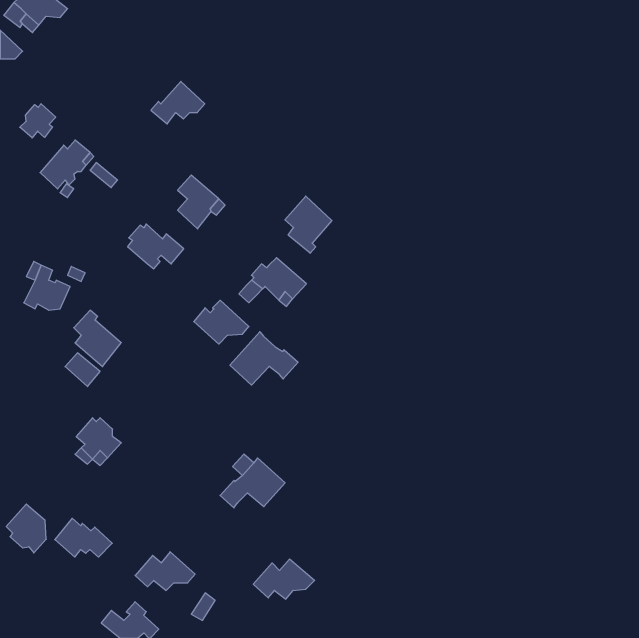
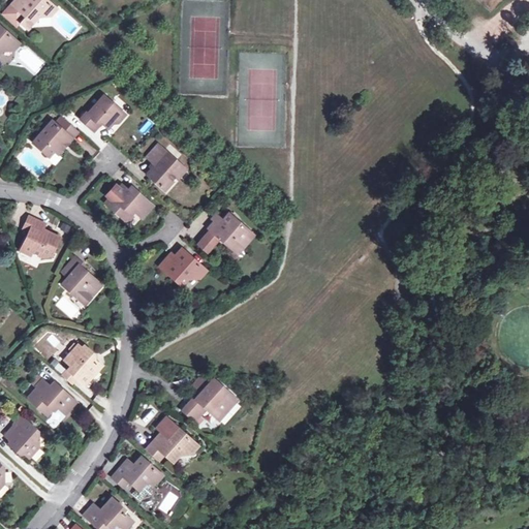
building: [151,81,205,124] -> [81,94,125,129]
building: [20,104,56,138] -> none
building: [285,196,332,253] -> none
building: [230,332,298,385] -> none
building: [55,518,112,557] -> [27,381,74,413]
building: [253,559,315,599] -> [147,427,197,460]

